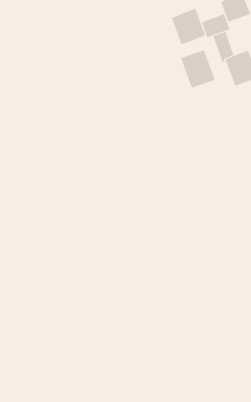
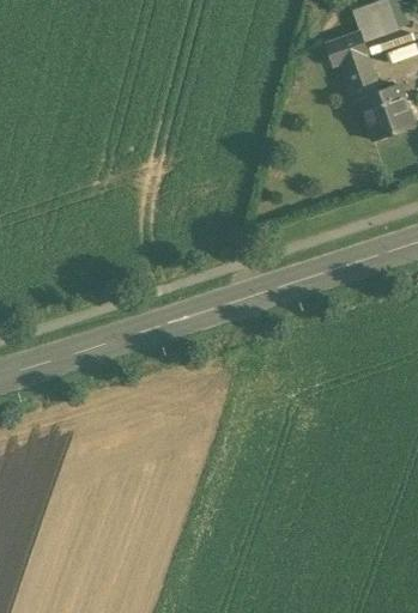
building: [171,8,206,45] -> none
building: [181,49,215,89] -> none

